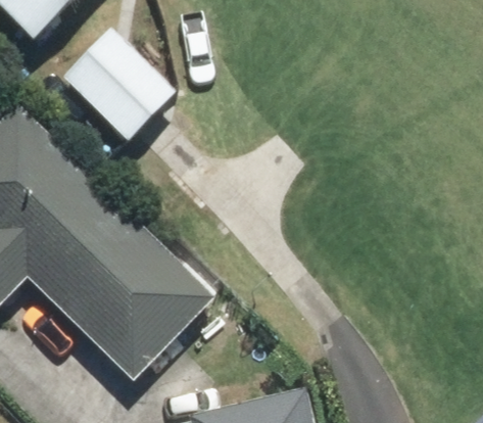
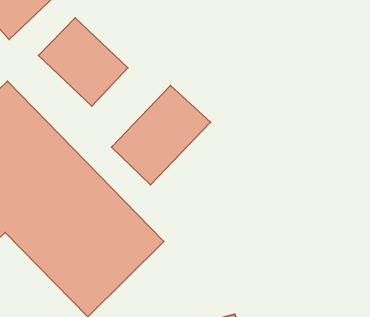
building: none -> [112,85,210,185]

